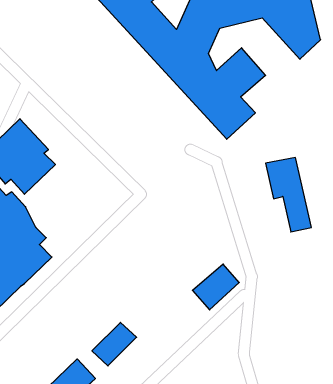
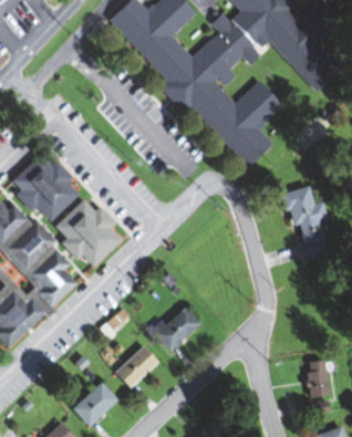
building: none -> [53,199,122,268]
building: [192,264,239,310] -> [154,306,199,351]
building: none -> [307,362,328,397]

